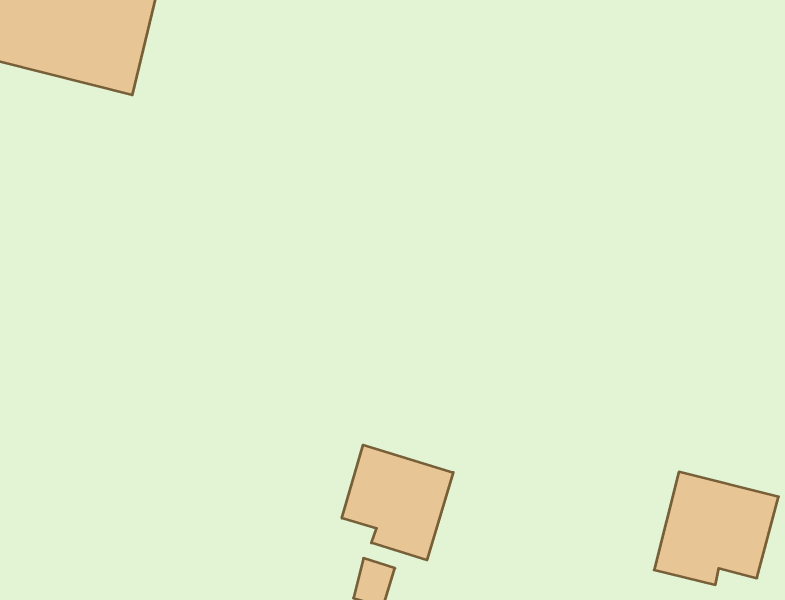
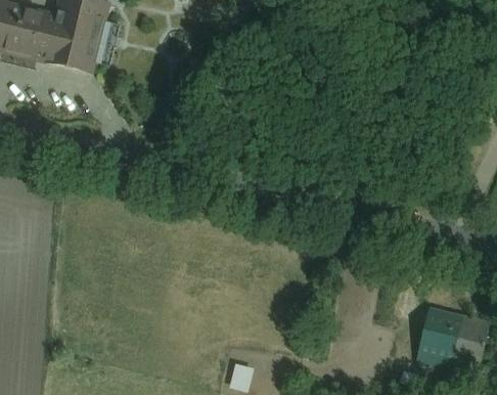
building: [342,445,453,560] -> none

